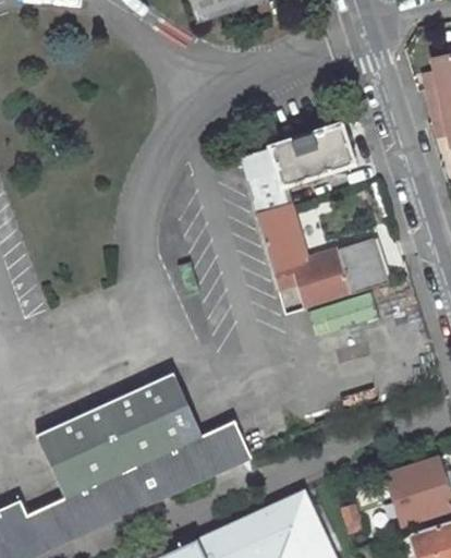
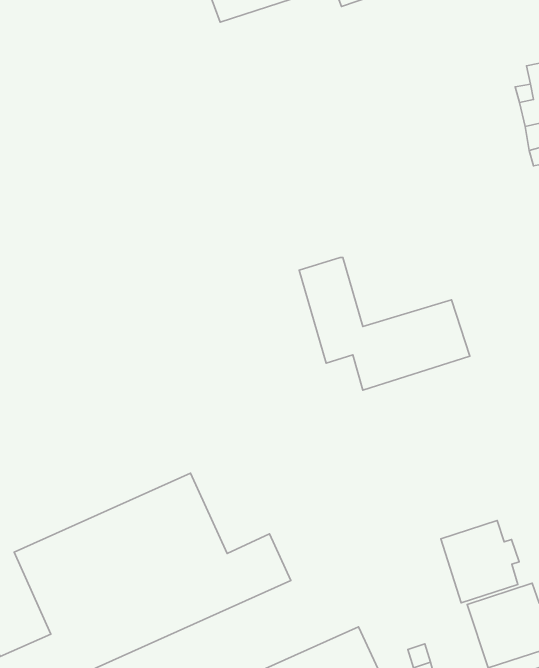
building: [241,124,357,216] -> none
building: none -> [441,520,519,603]

